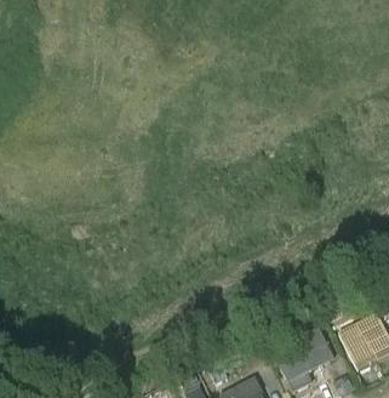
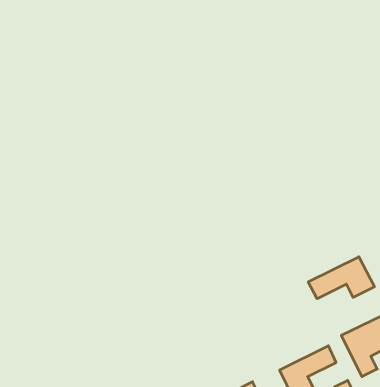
building: none -> [308,257,374,299]

